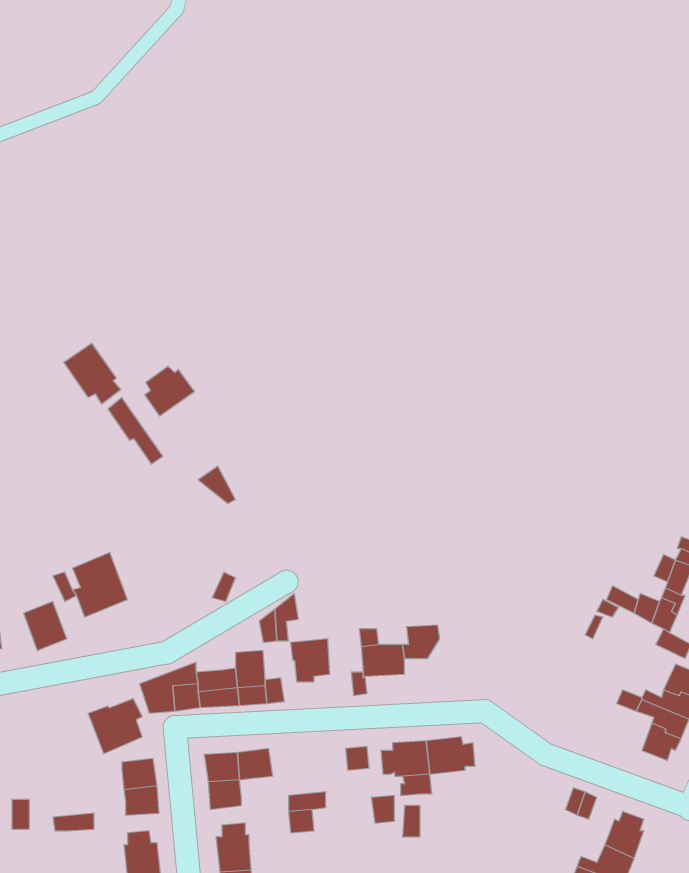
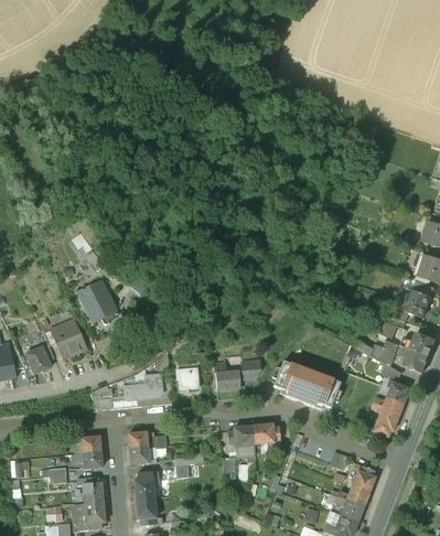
building: [64,343,121,404] -> none
building: [145,366,194,416] -> none
building: none -> [76,280,112,320]
building: none -> [272,360,340,408]
building: [88,698,142,754] -> none

